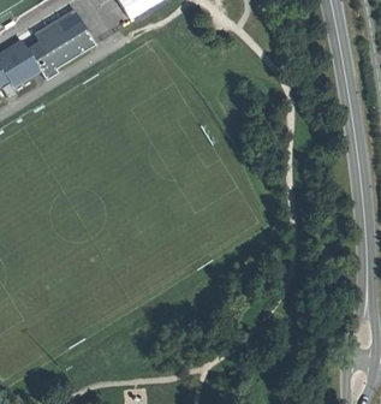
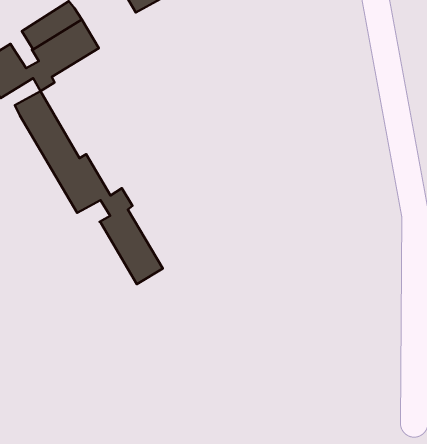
building: none -> [15,91,163,284]

